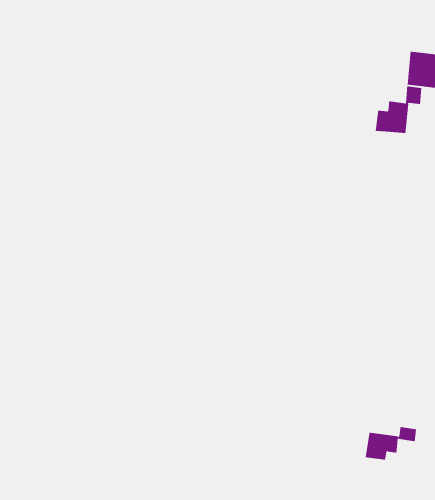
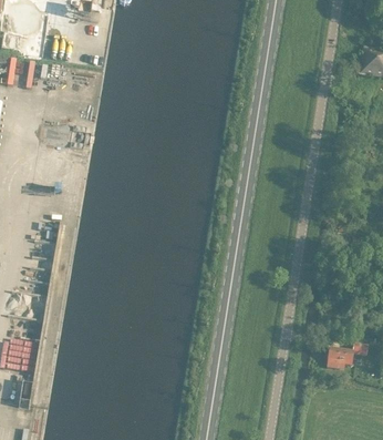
building: [375,86,422,134] -> none

